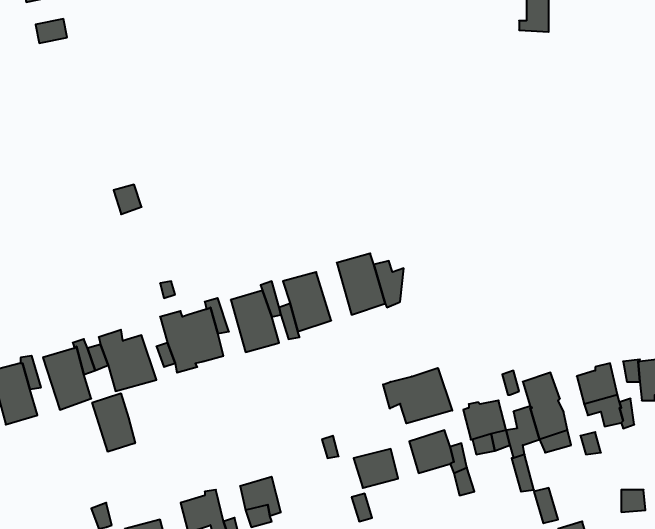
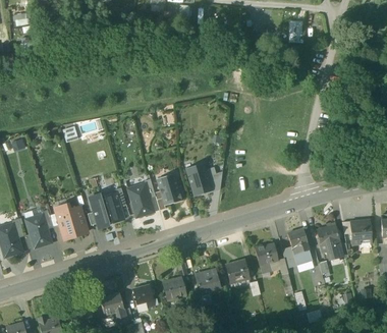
building: [383,368,452,423] -> none
building: [92,393,135,452] -> none
building: none -> [162,277,185,300]

